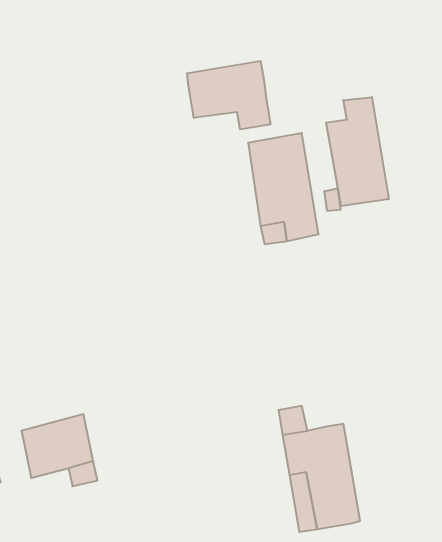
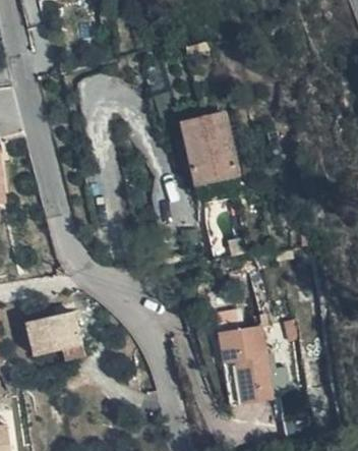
building: [187,61,270,129] -> none
building: [326,97,389,206] -> none

